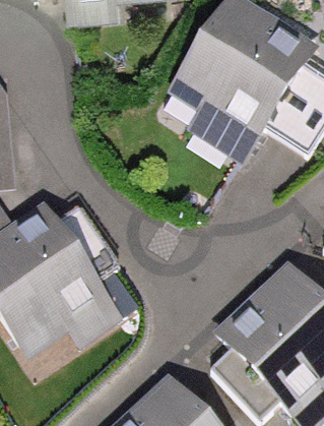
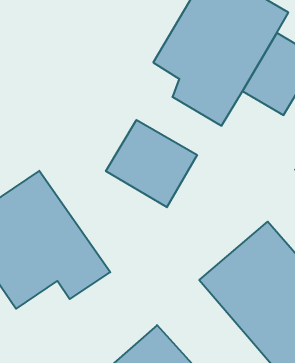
building: none -> [106,120,197,207]

